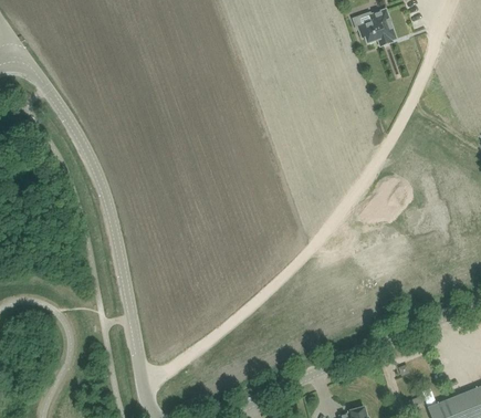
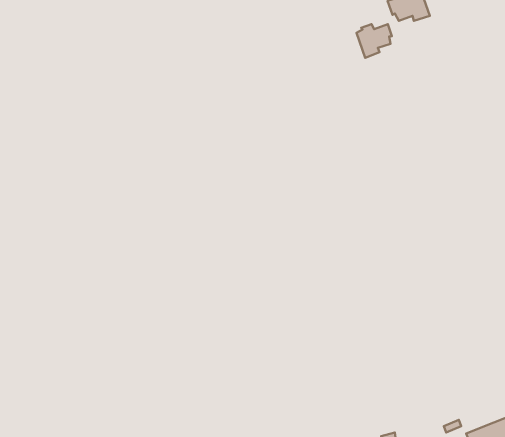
building: none -> [356,24,392,58]

